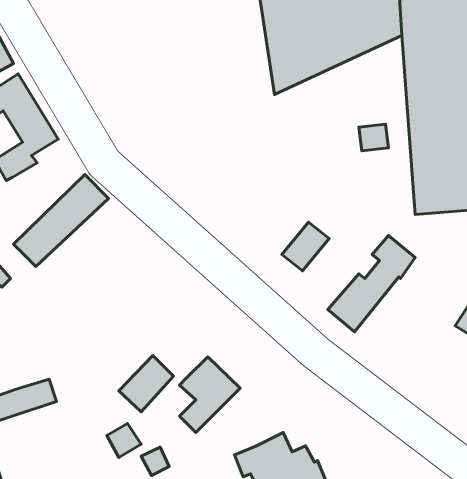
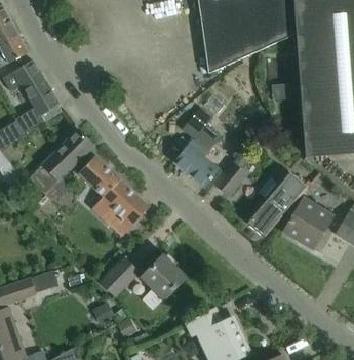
building: none -> [173,106,223,187]
building: none -> [79,156,148,233]
building: none -> [282,196,332,249]

